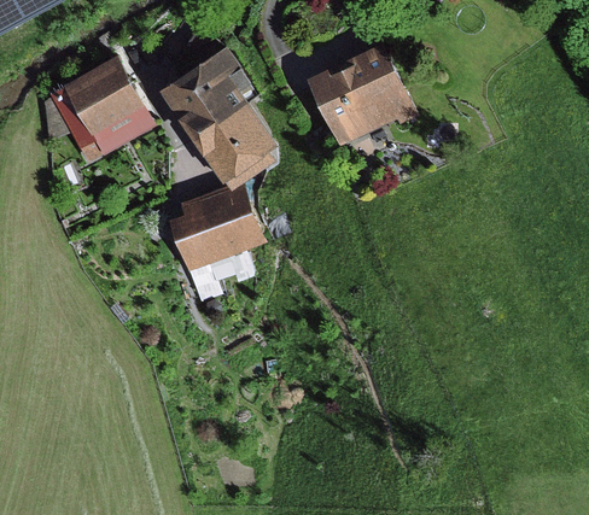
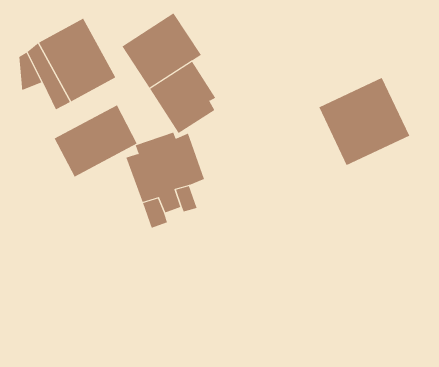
building: [308,43,415,147] -> [318,77,410,166]
building: none -> [54,105,138,178]

